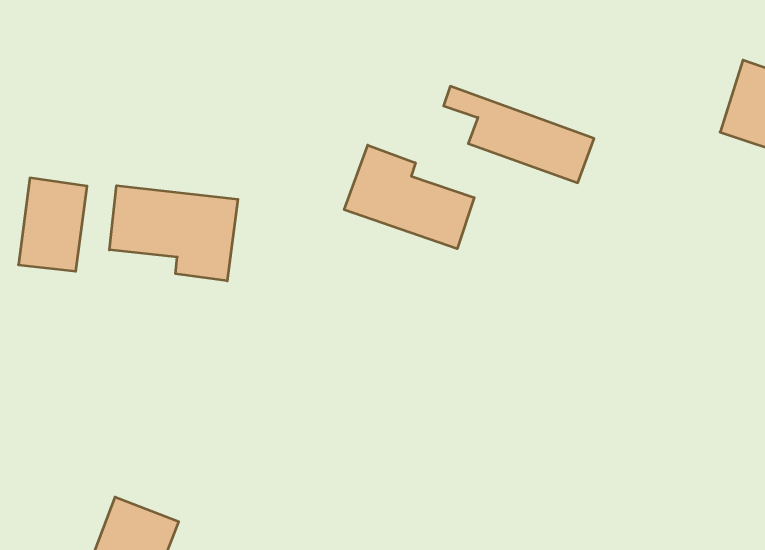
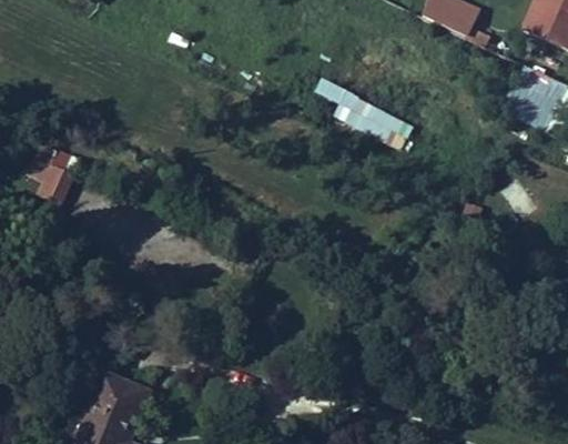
building: [344,145,474,249] -> none
building: [109,186,238,281] -> none

